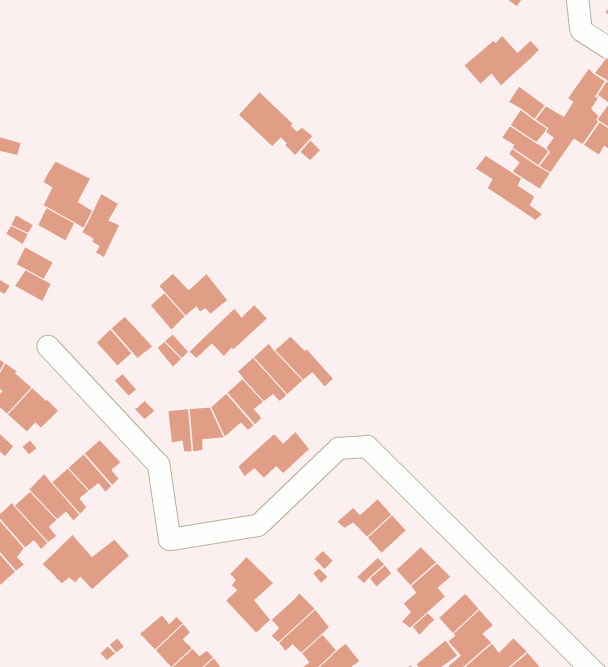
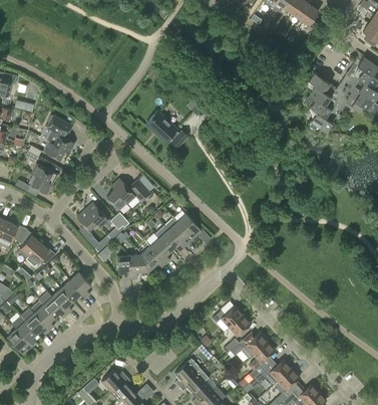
building: [463,35,540,86] -> none
building: [238,92,313,156] -> [145,112,187,148]
building: [475,155,543,221] -> none
building: [82,193,120,258] -> none
building: [189,304,268,359] -> none
building: [237,431,310,478] -> none
building: [42,534,130,590] -> none
building: [226,556,274,634] -> none

